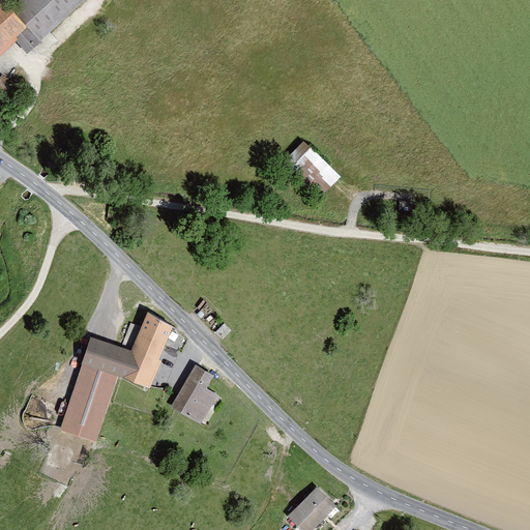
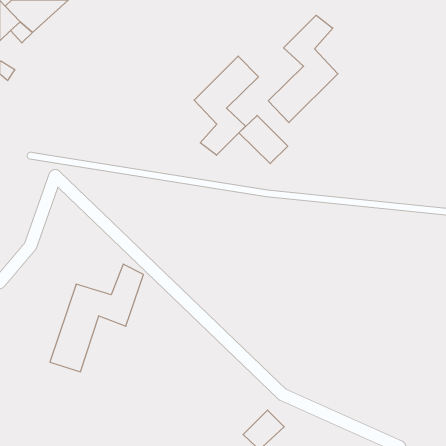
building: none -> [268,15,338,123]
building: none -> [194,56,258,155]
building: [172,367,217,423] -> none

